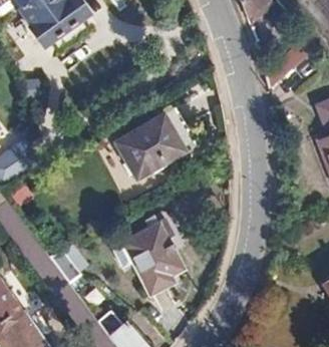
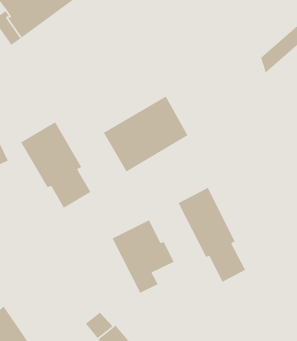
building: none -> [20,121,92,209]
building: none -> [178,187,246,283]

